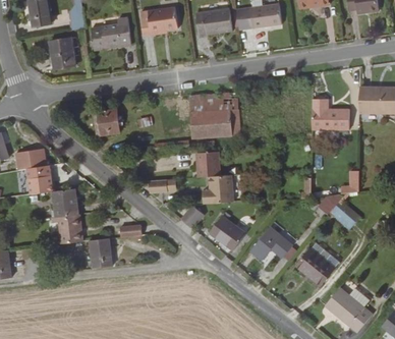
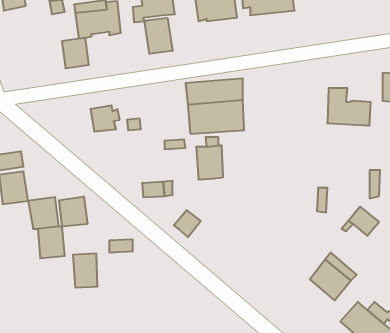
building: none -> [144,18,173,54]
building: [49,44,72,70] -> [62,38,89,68]
building: [211,171,237,200] -> none
building: none -> [59,196,87,227]
building: [208,214,242,245] -> none
building: [249,223,290,256] -> none

